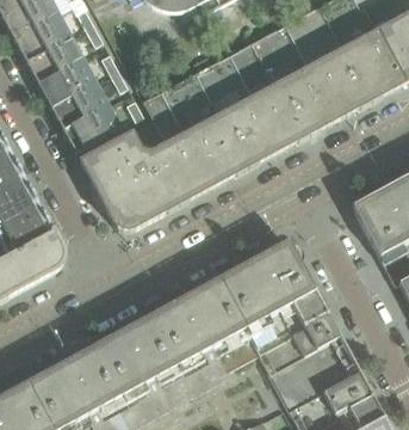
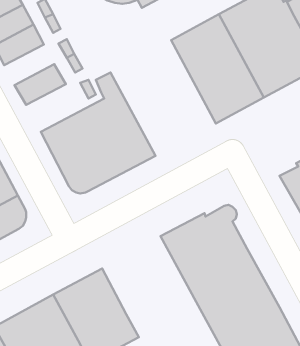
building: [160,53,280,185] -> none
building: [38,57,95,104] -> none
building: [63,103,122,150] -> none
building: [150,277,258,393] -> none

